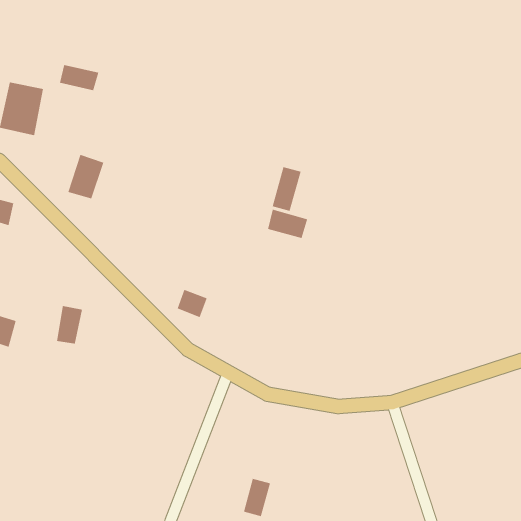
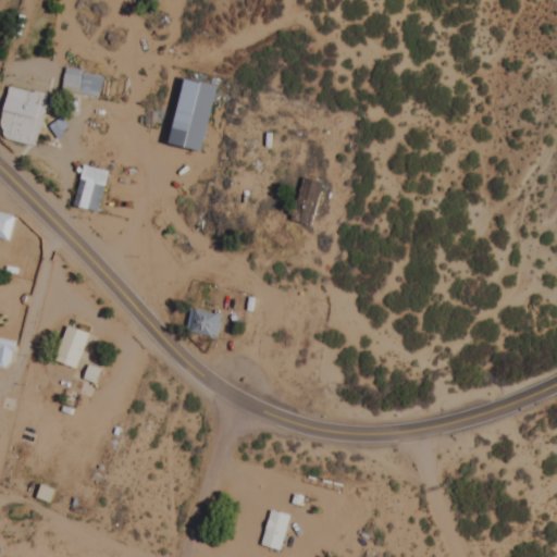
building: none -> [162,77,212,152]
building: [268,209,308,239] -> none

